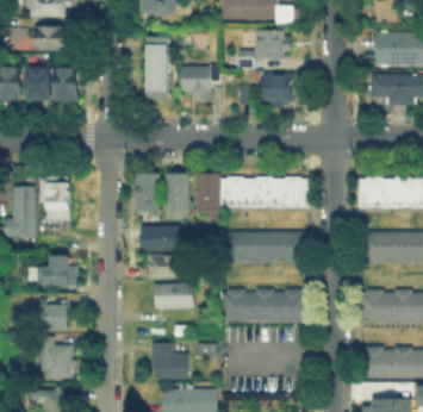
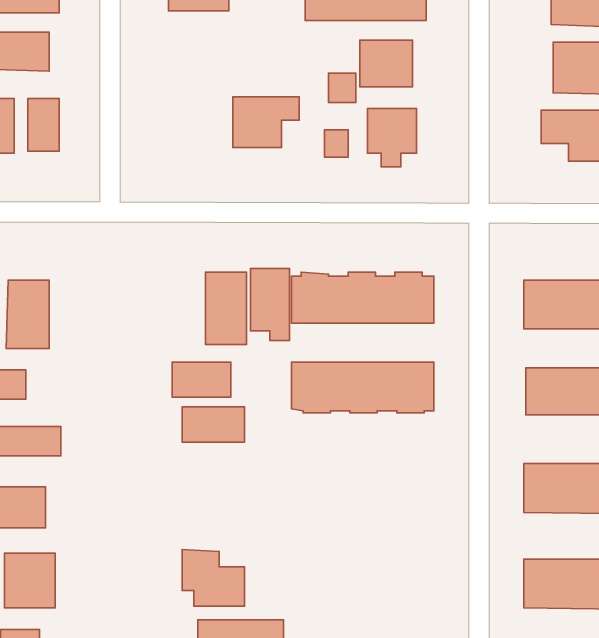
building: [145,37,168,93] -> none
building: [137,173,160,211] -> none
building: [156,285,192,308] -> none
building: [217,287,304,318] -> none

